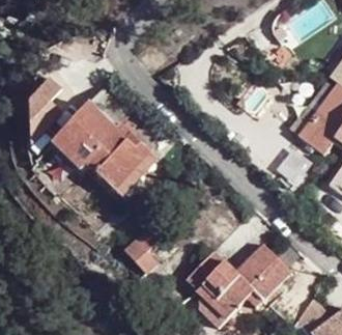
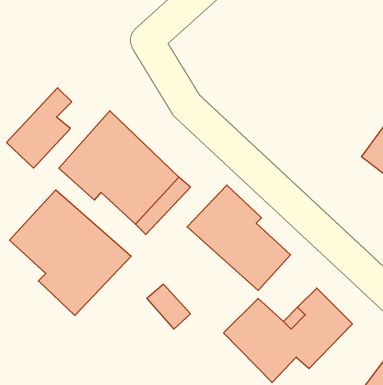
building: none -> [187,185,291,290]
building: none -> [10,190,131,315]

